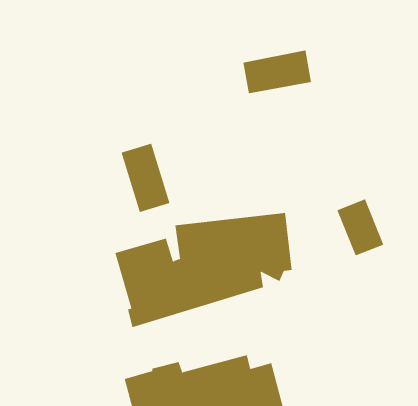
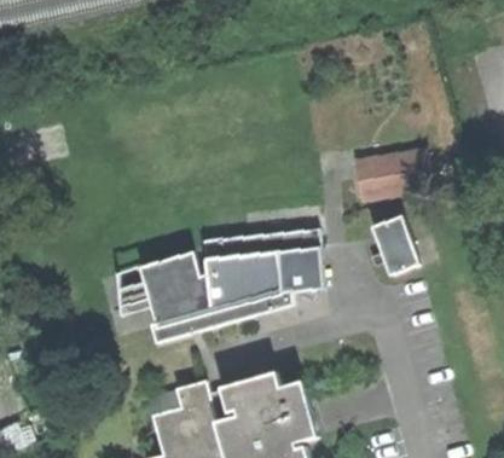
building: [242,50,312,94] -> [353,149,425,195]
building: [121,143,170,213] -> none

